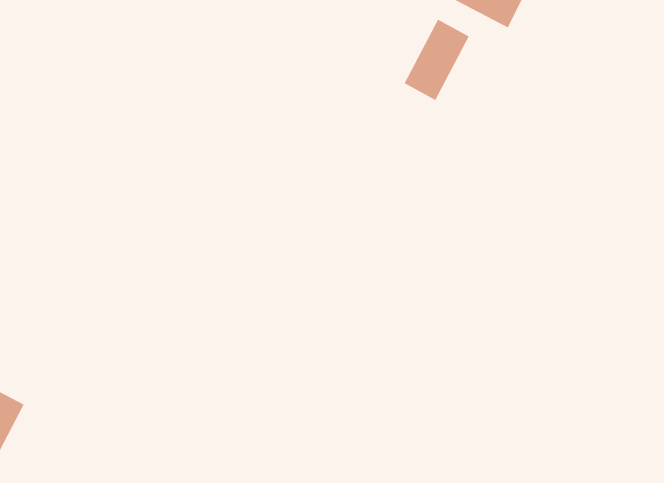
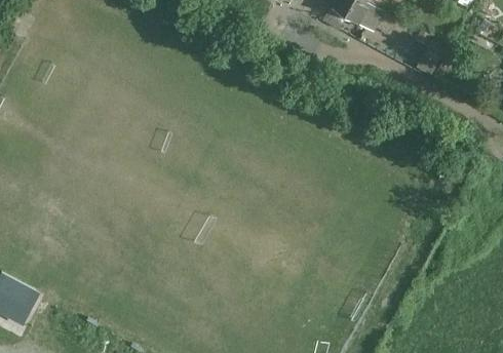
building: [404,19,469,101] -> none

